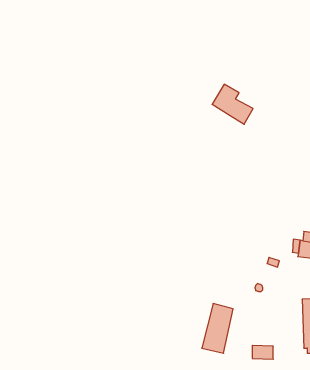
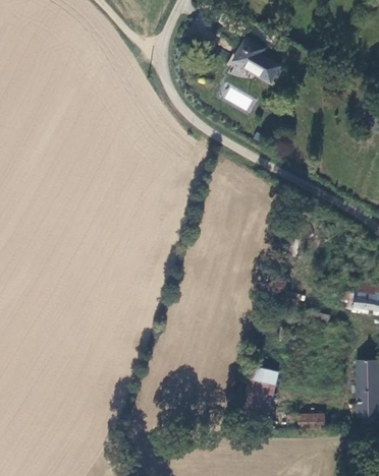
building: [212,84,253,124] -> [234,36,282,82]

